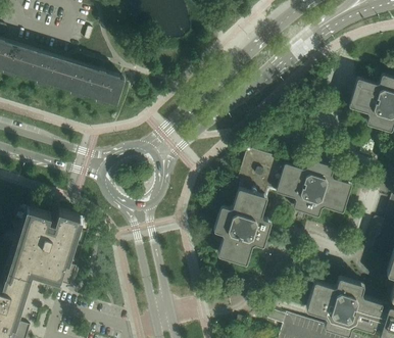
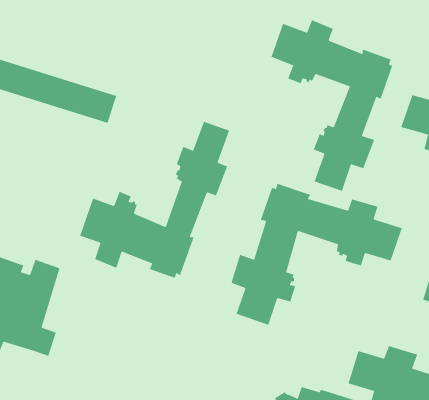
building: none -> [271,19,393,192]
building: none -> [79,121,230,279]

